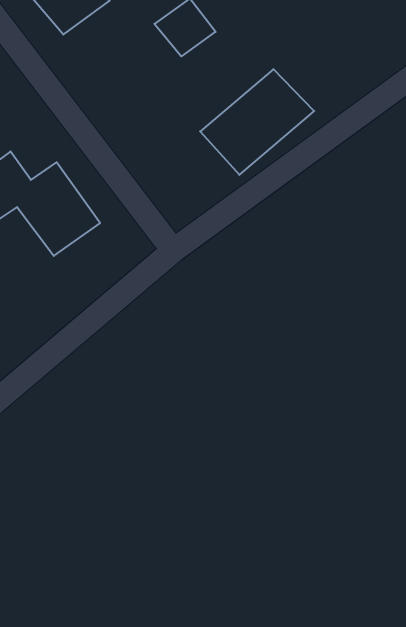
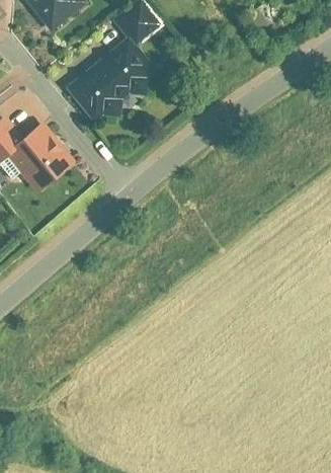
building: [200,69,314,175] -> [70,42,155,121]

